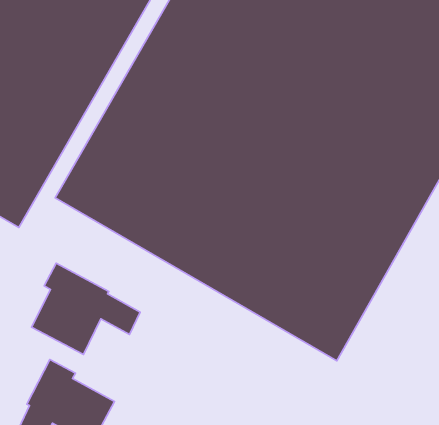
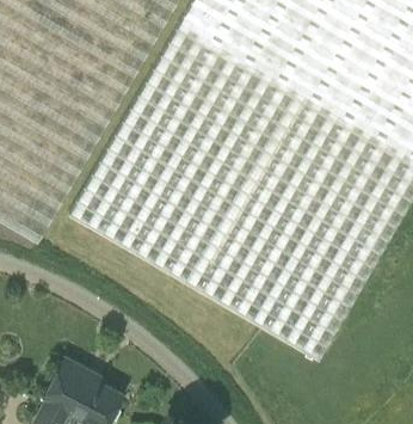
building: [32,263,140,354] -> none

